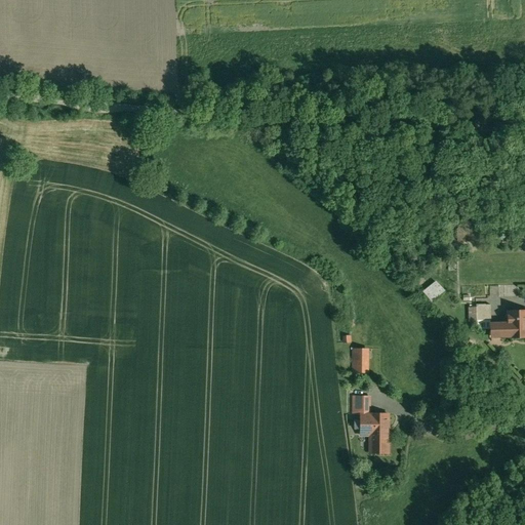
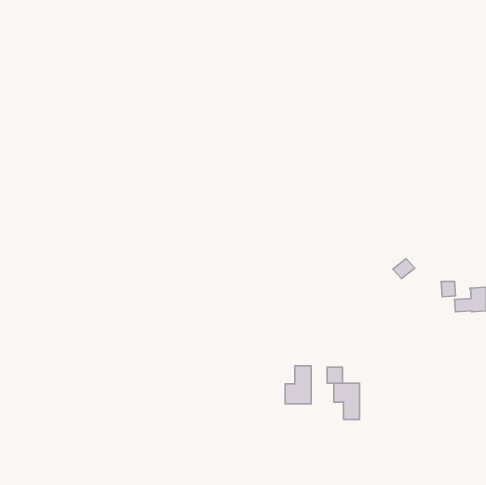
building: [353,347,370,372] -> none
building: none -> [285,366,311,404]

